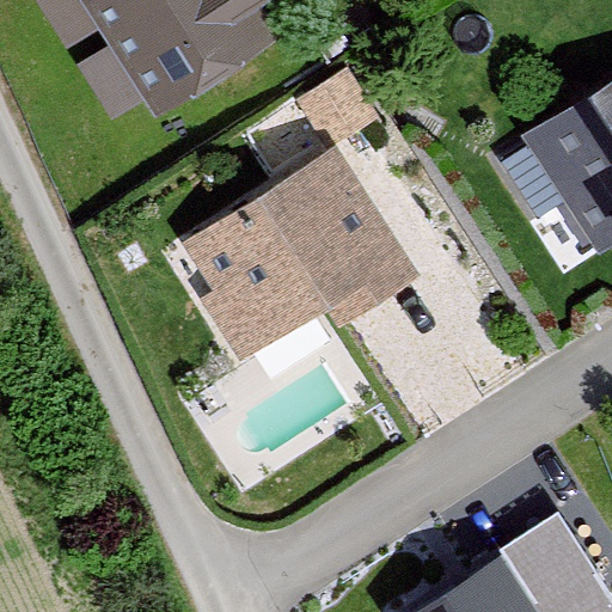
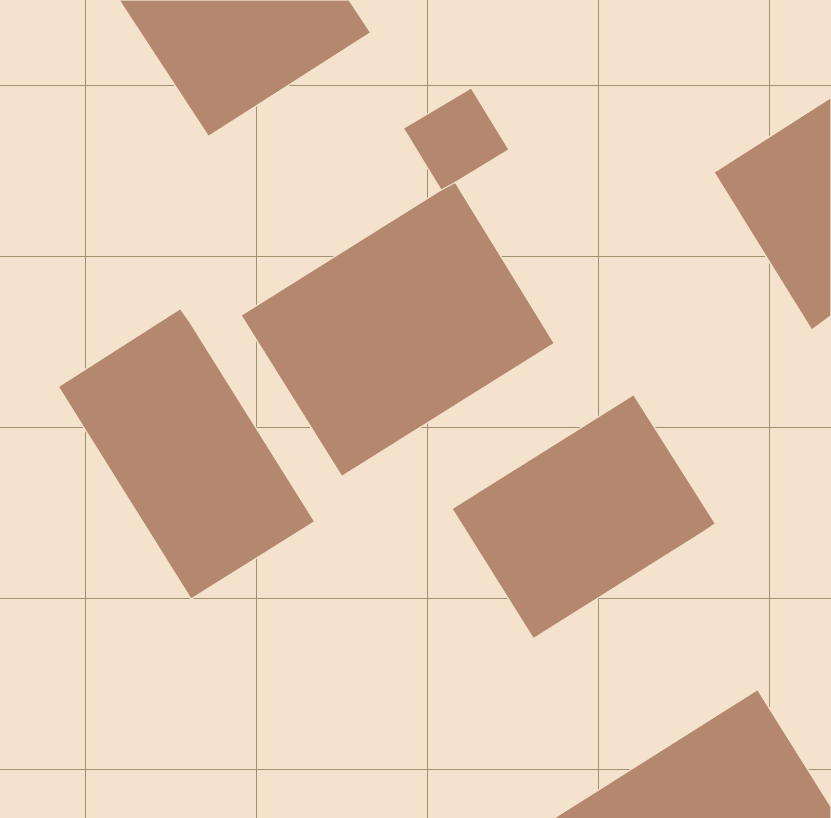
building: none -> [58,308,315,599]
building: none -> [452,395,716,639]

